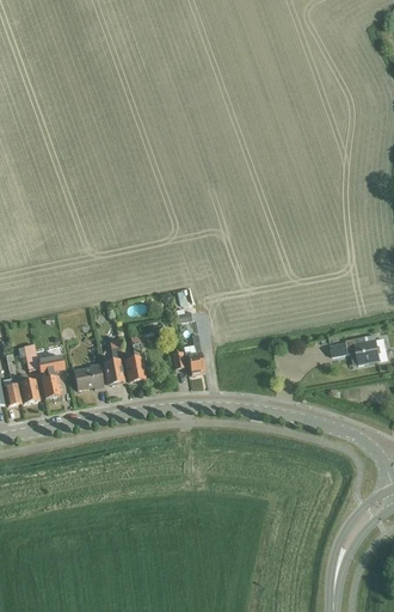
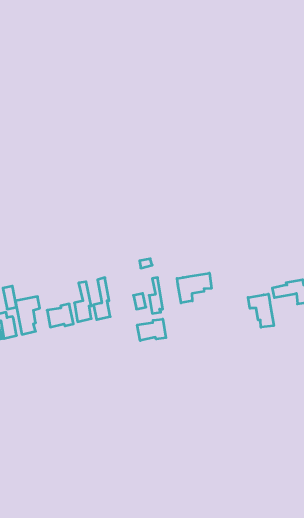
building: none -> [177,273,211,303]
building: none -> [248,294,274,327]
building: none -> [137,319,166,341]

